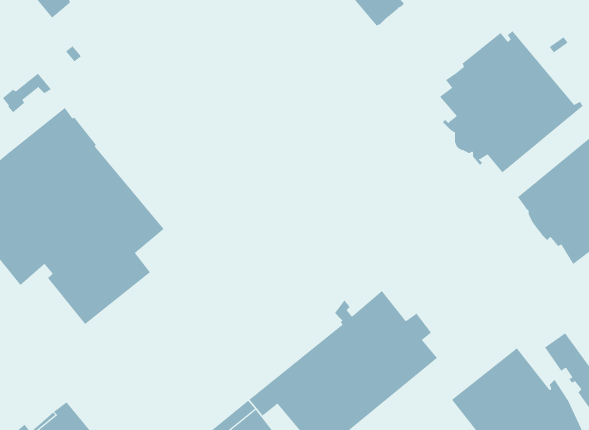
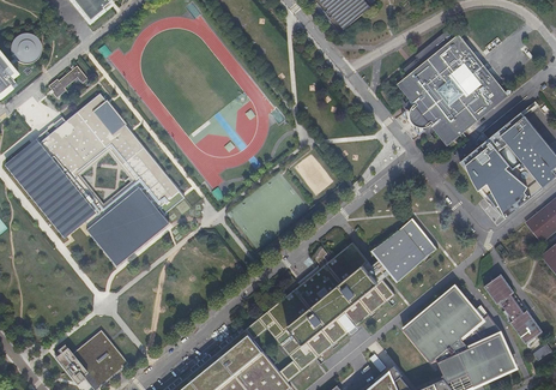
building: none -> [369,216,439,283]

